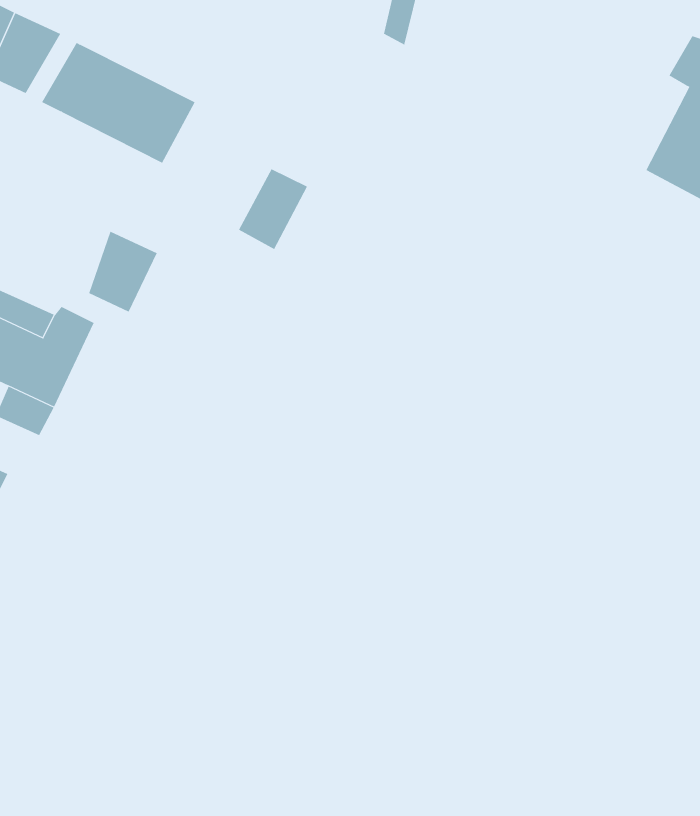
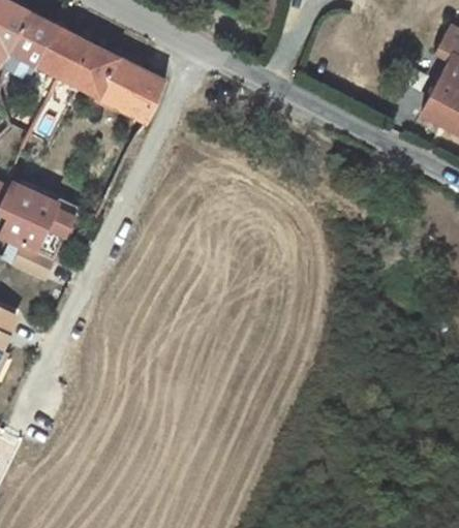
building: [238,168,308,250] -> [121,69,164,120]
building: [88,231,158,312] -> none

